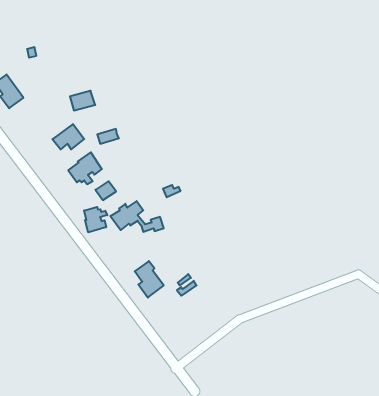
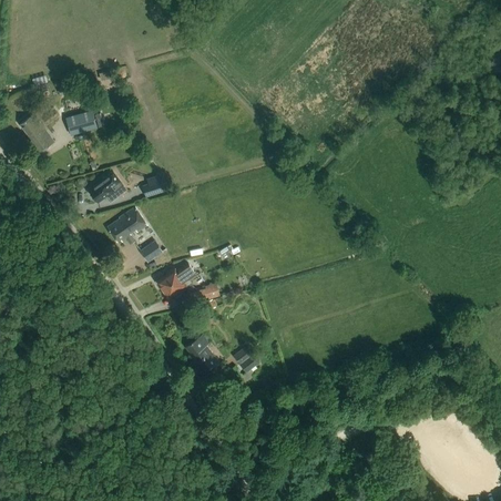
building: [70,91,95,110] -> [67,110,96,133]
building: [84,207,107,232] -> none

